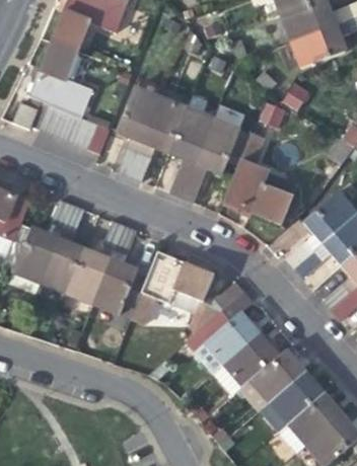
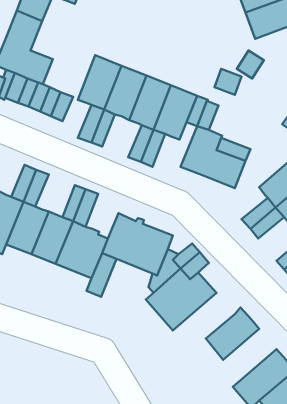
building: [223,332,280,386] -> none
building: [260,370,324,431] -> none

